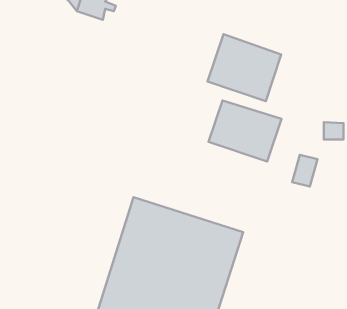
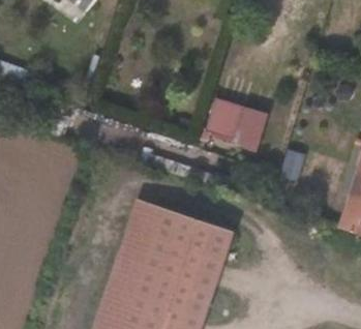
building: [208,34,281,101] -> none

